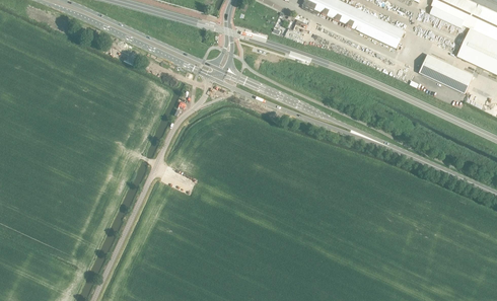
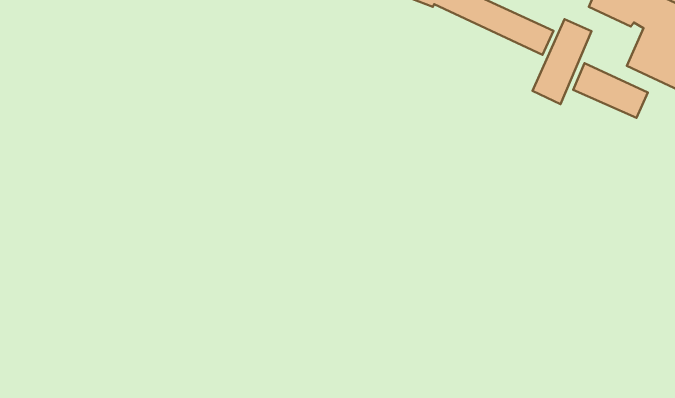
building: none -> [532,19,591,104]

